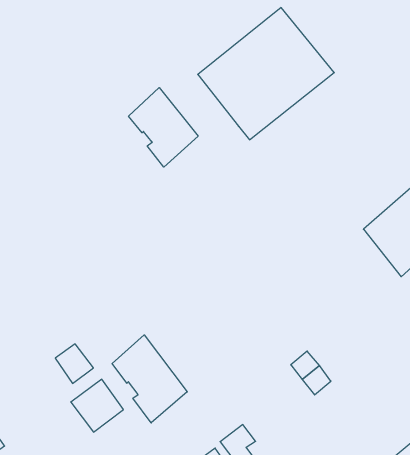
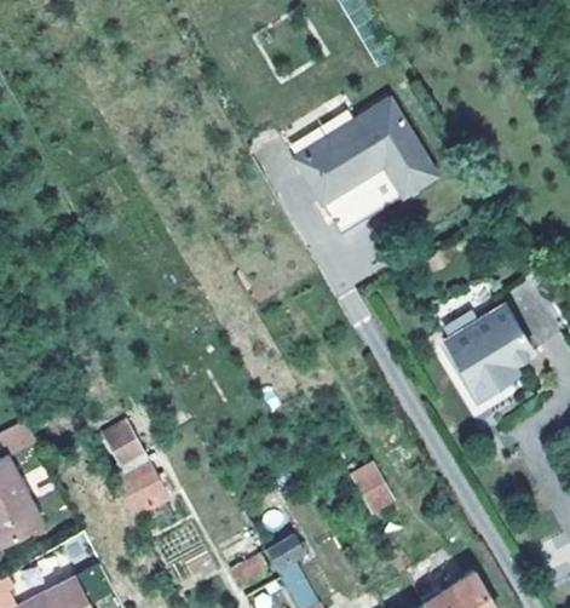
building: [129,88,198,167] -> none
building: [112,335,187,423] -> none

